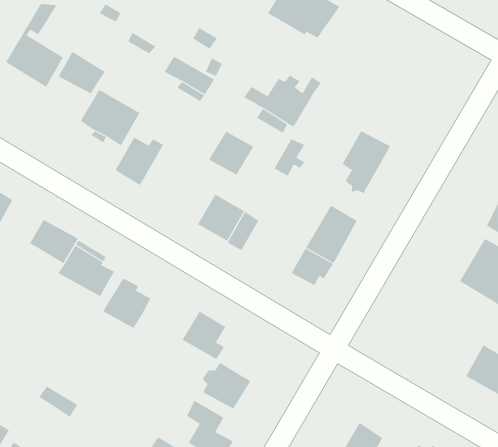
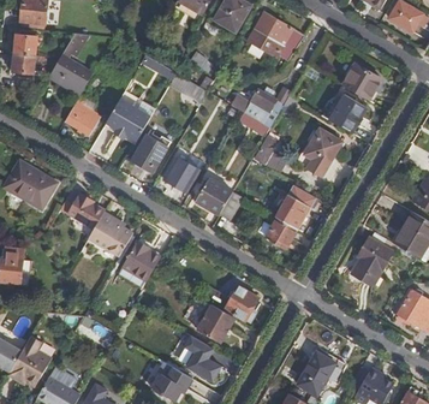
building: none -> [341,66,379,101]
building: [58,51,106,94] -> [64,102,100,135]
building: none -> [329,96,367,133]
building: [208,131,254,175] -> [162,156,197,190]
building: none -> [351,238,392,285]
building: [182,311,226,360] -> [225,287,258,325]

